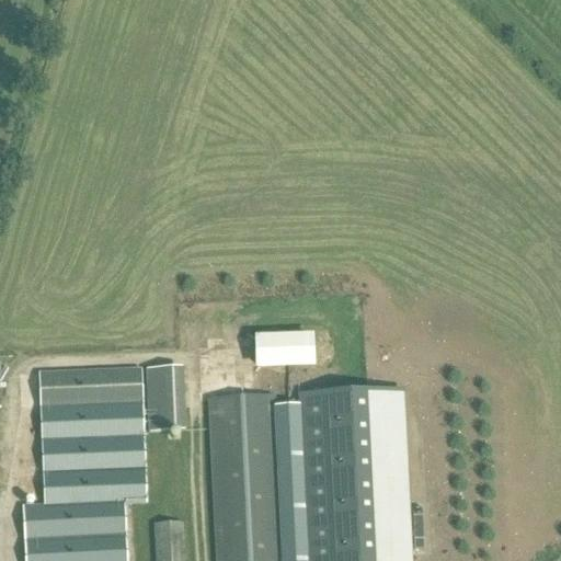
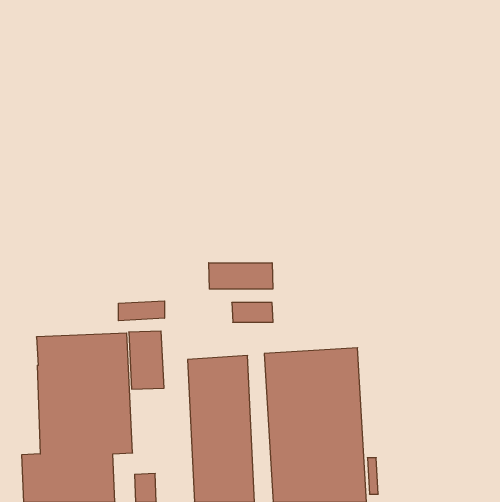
building: none -> [209,263,273,289]
building: none -> [118,301,165,321]

